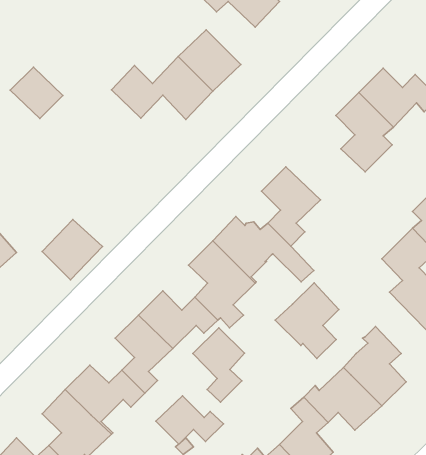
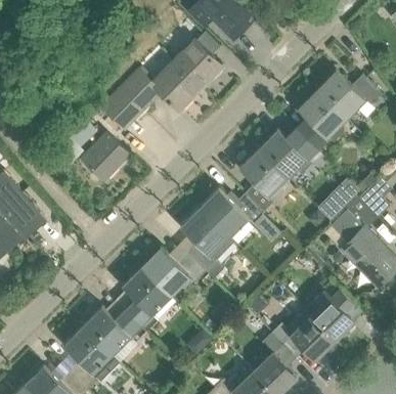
building: [10,67,63,118] -> [100,88,142,129]
building: none -> [258,130,321,176]
building: none -> [323,178,358,213]
building: [42,220,102,280] -> [81,133,129,181]
building: [275,283,339,359] -> none
building: [193,328,244,402] -> none
building: [156,396,223,444] -> none

